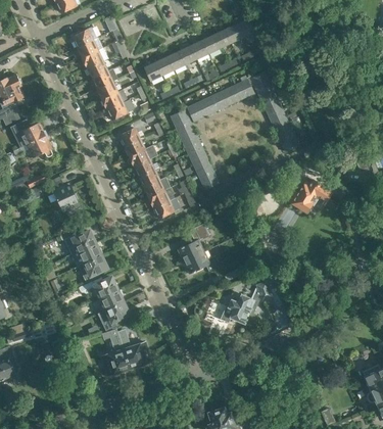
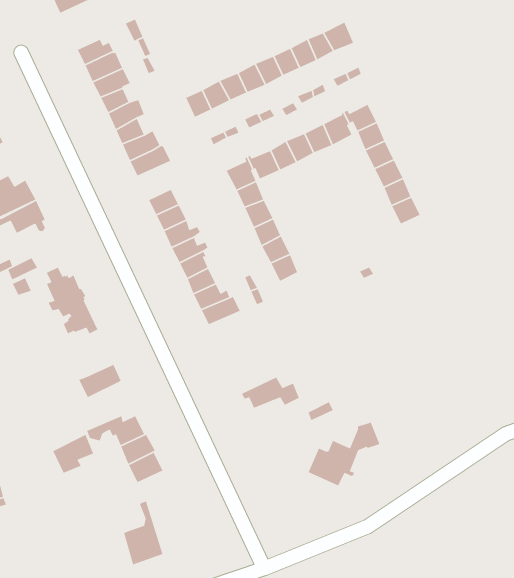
building: [286,180,331,212] -> none
building: [177,223,208,263] -> none
building: [59,226,96,253] -> none
building: [79,254,106,281] -> [52,434,94,474]
building: [116,329,150,369] -> none

